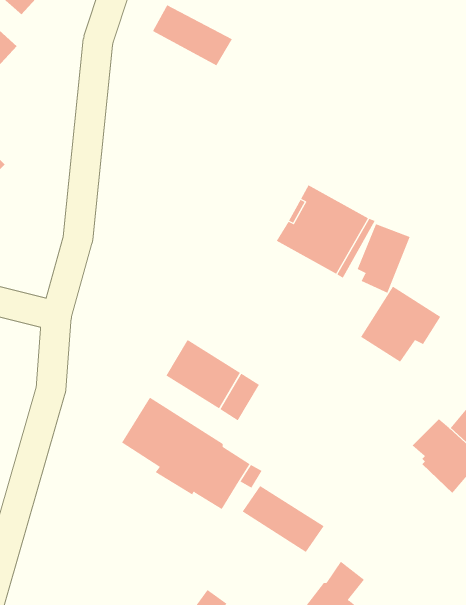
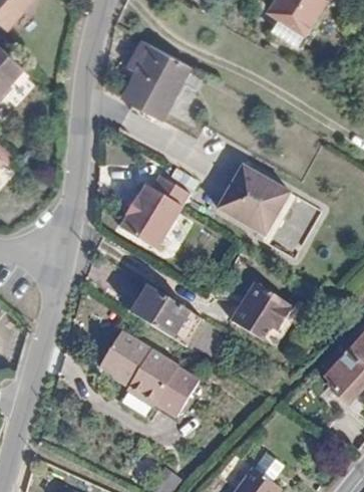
building: none -> [115,55,171,114]
building: none -> [114,190,183,263]
building: [360,286,441,362] -> [234,285,294,342]
building: [242,485,324,553] -> none

